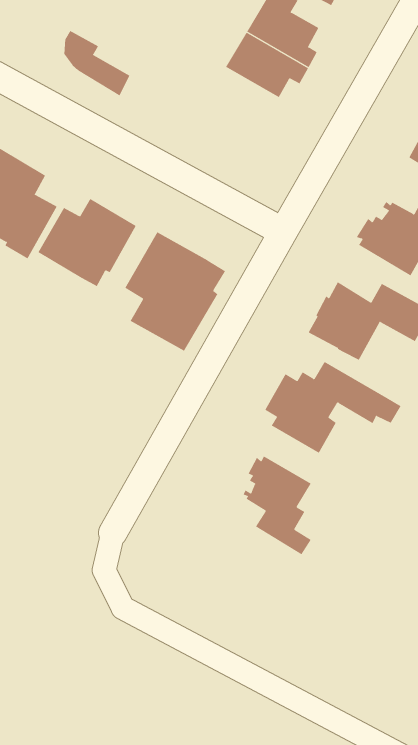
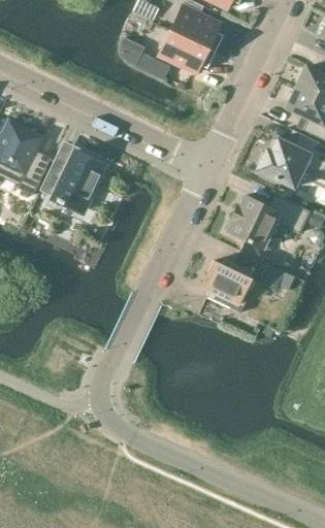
building: [63,30,130,96] -> [121,37,167,79]
building: [124,231,226,352] -> none
building: [243,456,312,555] -> none

